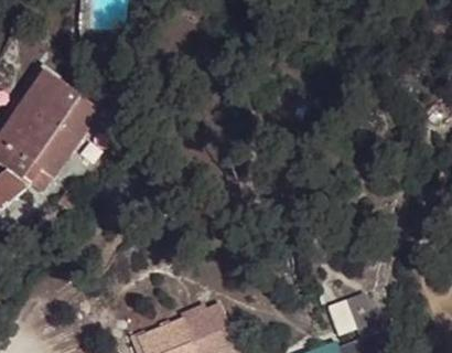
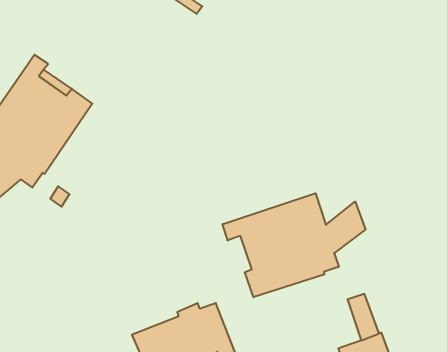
building: none -> [223,193,366,297]

